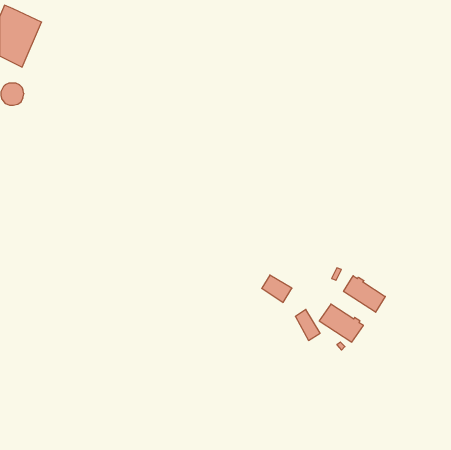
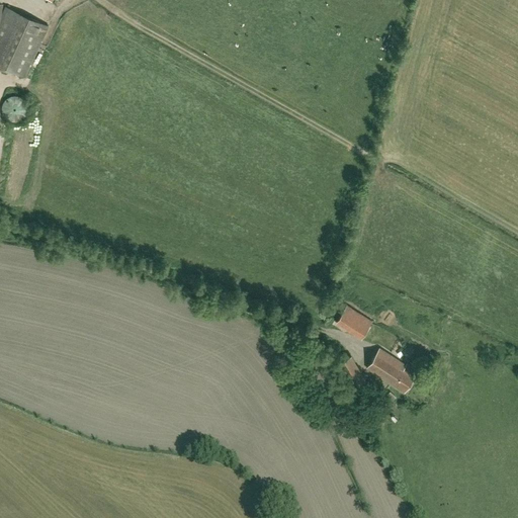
building: [262,275,292,302] -> [336,308,370,339]
building: [344,276,385,312] -> none

